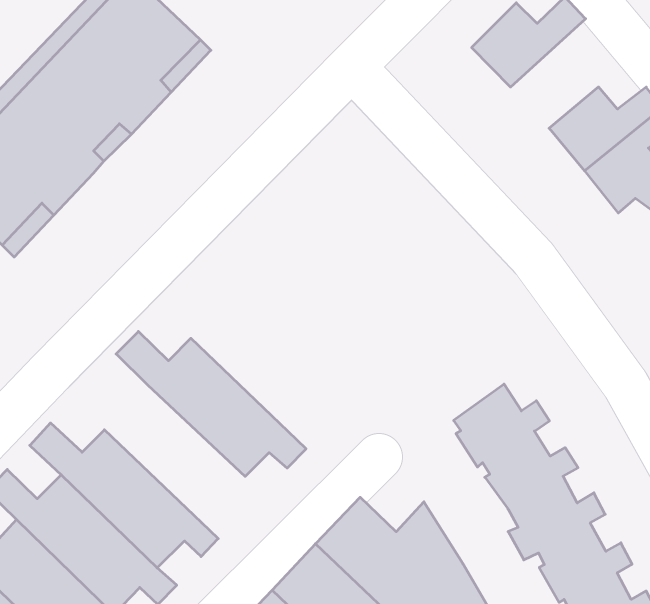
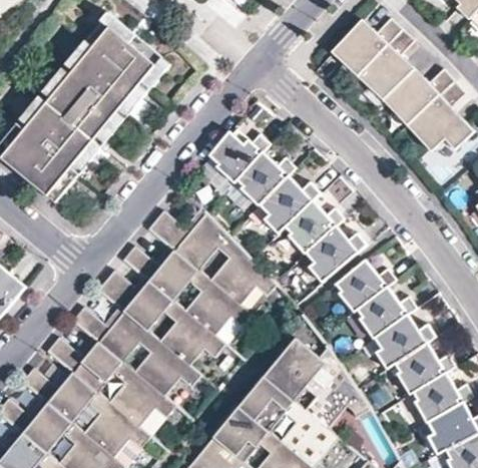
building: none -> [360,32,415,102]
building: none -> [212,136,370,288]
building: none -> [150,211,274,304]
building: none -> [99,273,222,365]

